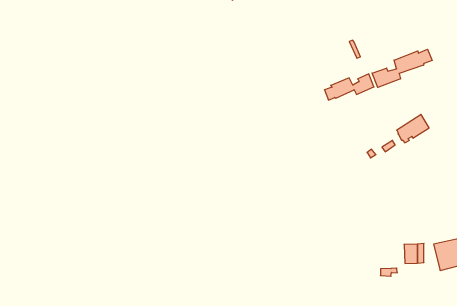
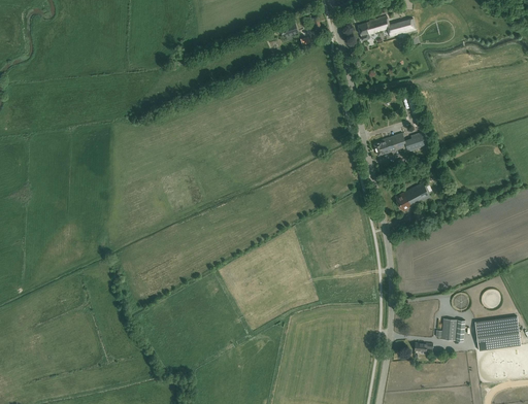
building: [372,49,432,87] -> none
building: [397,114,429,143] -> [395,182,430,211]

